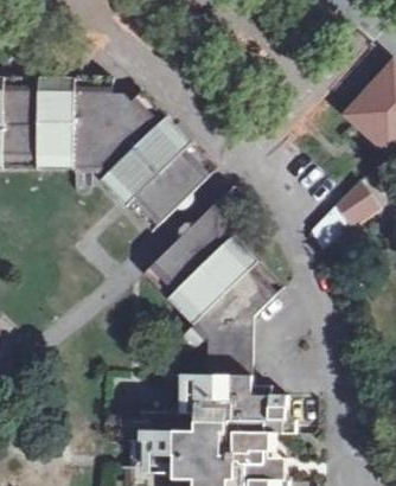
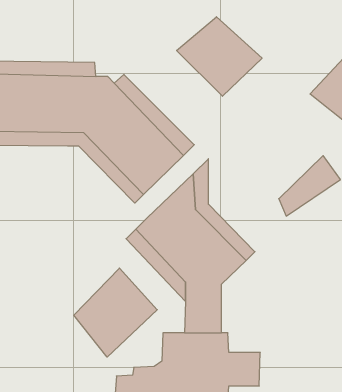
building: none -> [177,17,262,96]
building: none -> [74,268,157,357]

